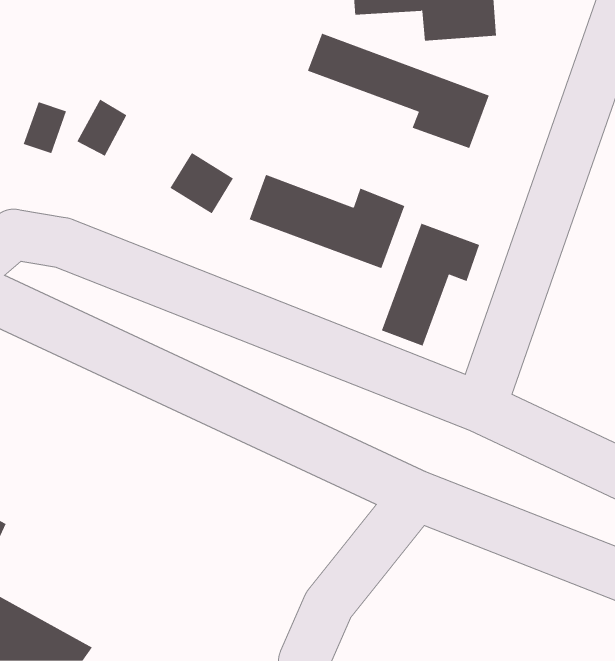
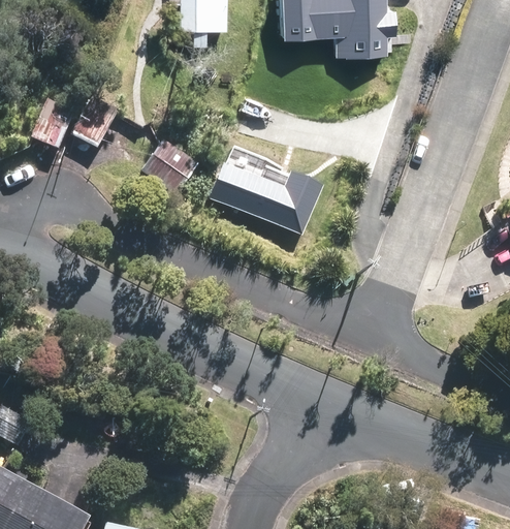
building: [307,33,489,149] -> none
building: [381,223,480,347] -> none

